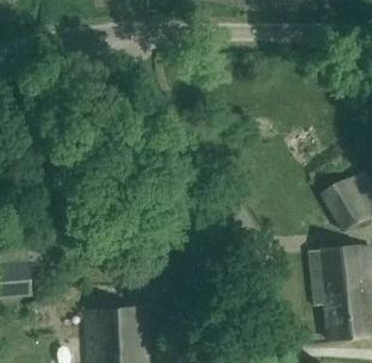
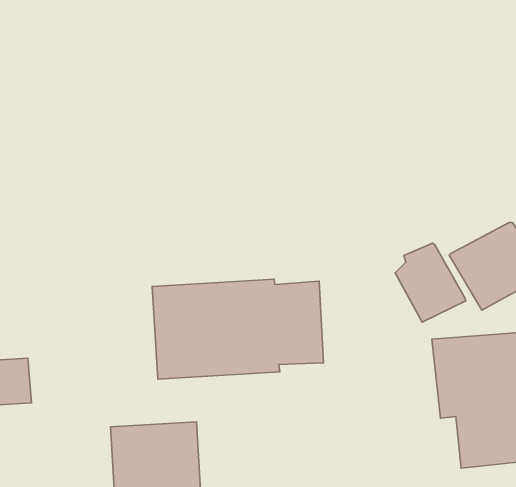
building: none -> [395,243,466,322]
building: none -> [152,279,323,379]

